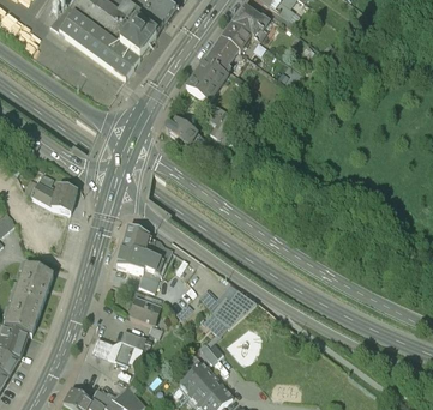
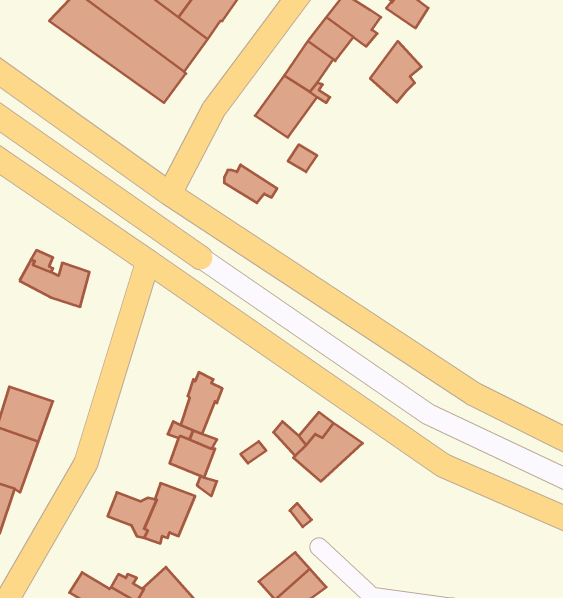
building: none -> [370,41,421,102]
building: [118,224,172,269] -> none
building: [179,357,212,393] -> none

